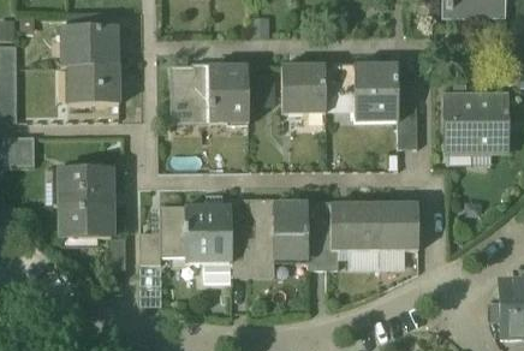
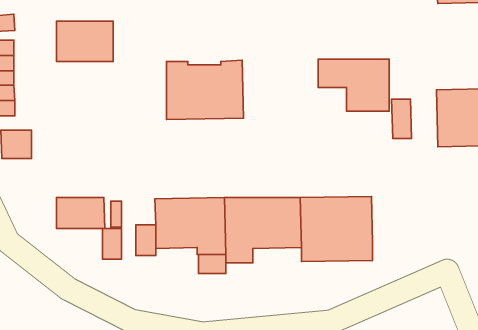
building: [284,64,326,112] -> none
building: [72,66,118,102] -> none
building: [60,166,108,204] -> none
building: [380,203,418,250] -> none

